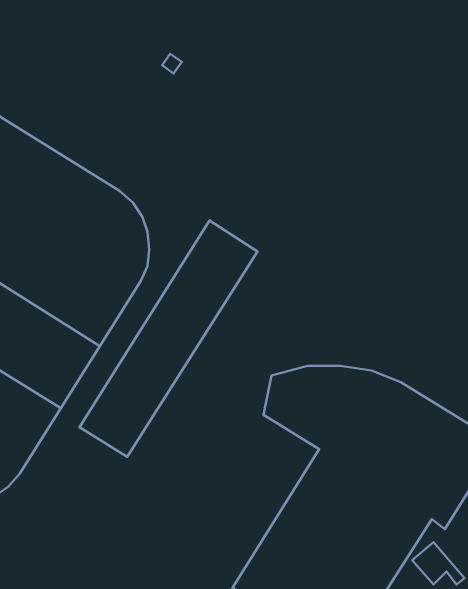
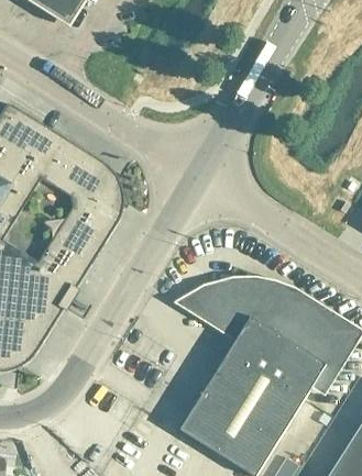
building: [79,220,257,457] -> none

